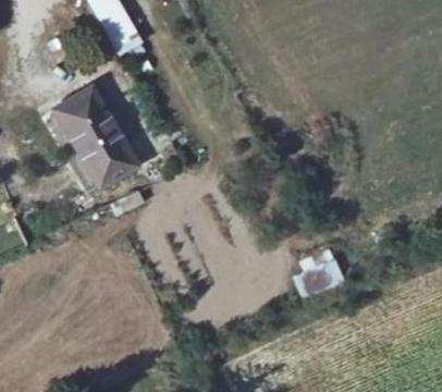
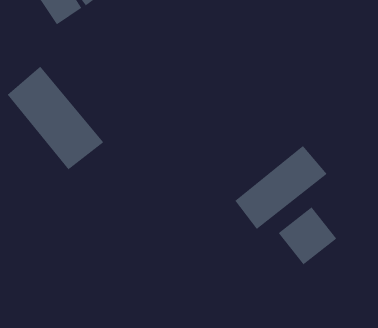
building: none -> [234,145,328,230]

